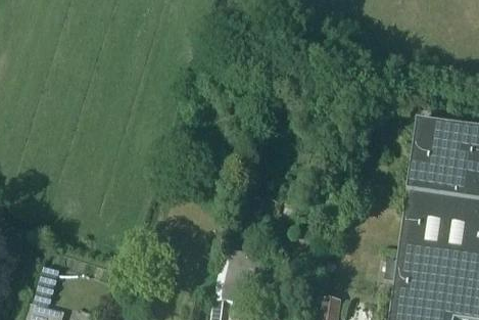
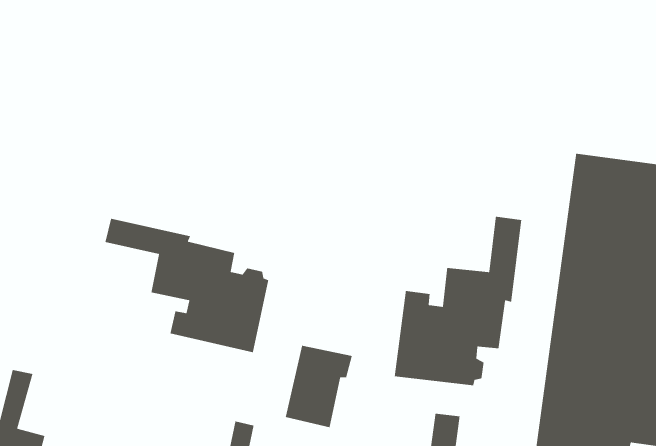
building: none -> [394,216,522,386]
building: none -> [104,218,269,353]

